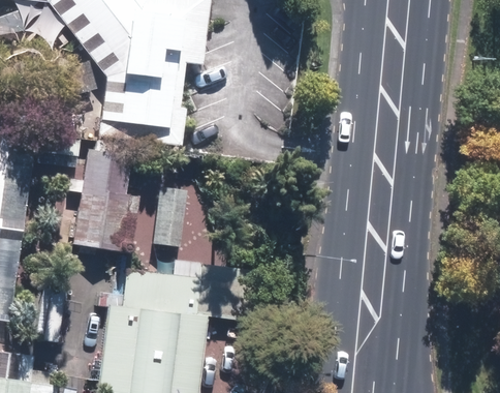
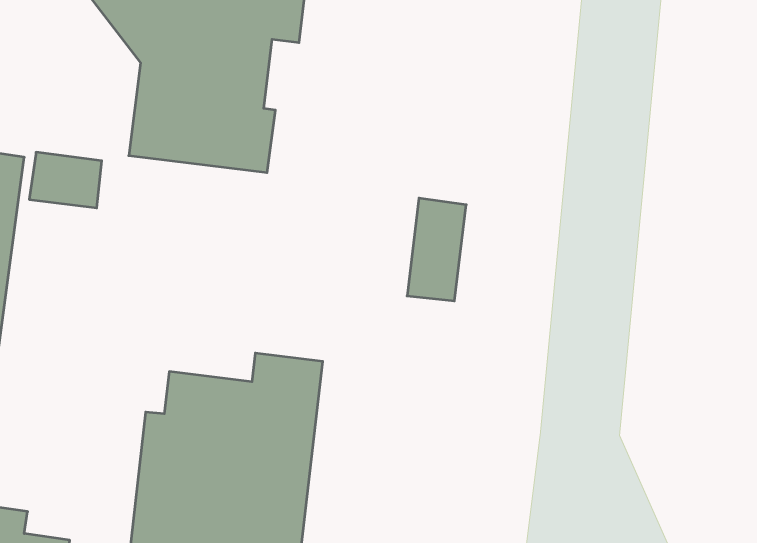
building: [71,145,140,251] -> none
building: [152,183,188,246] -> [407,198,466,301]

